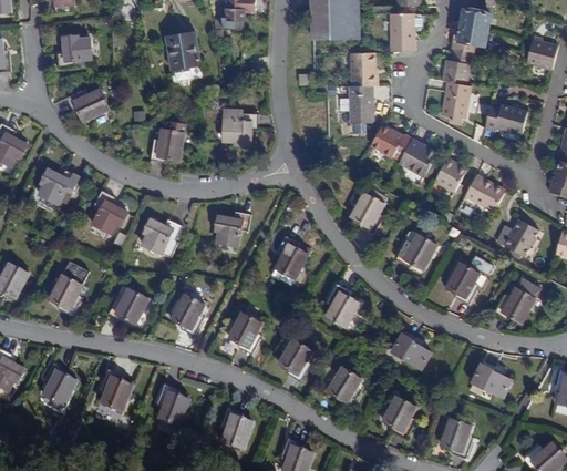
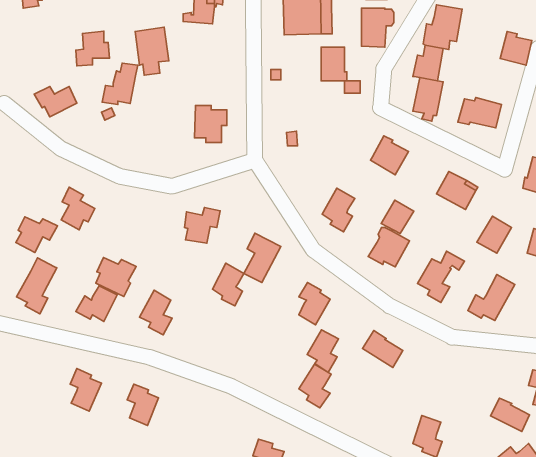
building: [58,34,91,69] -> [76,31,109,66]
building: [348,85,371,122] -> none
building: [151,121,186,162] -> [102,63,138,105]
building: [371,126,412,161] -> none
building: [434,158,466,192] -> [381,200,414,234]
building: [39,168,80,204] -> [16,217,57,253]
building: [142,217,182,256] -> [96,257,136,297]
building: [229,311,260,354] -> [212,263,244,306]
building: [279,339,310,381] -> [307,330,338,372]
building: [44,364,74,406] -> none
building: [472,364,511,397] -> [490,398,530,432]
building: [382,396,413,438] -> none
building: [221,408,254,450] -> none

